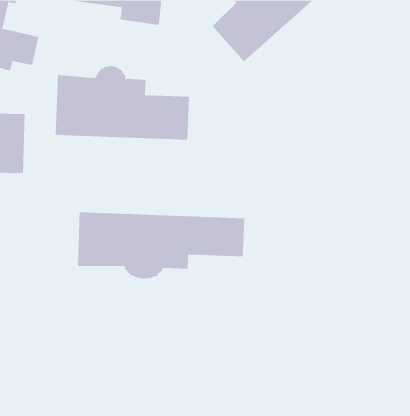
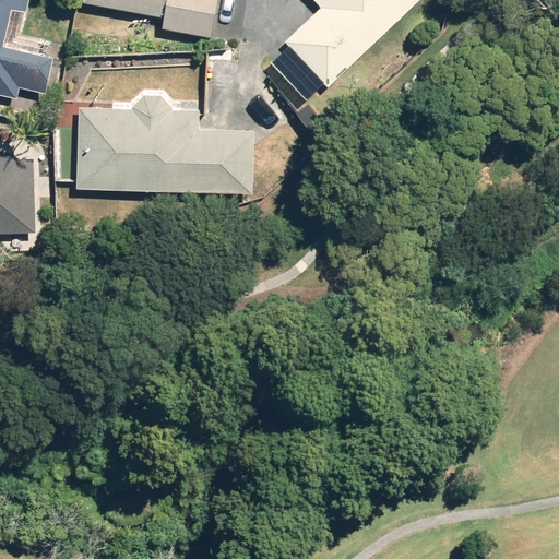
building: [77,212,245,280] -> none

